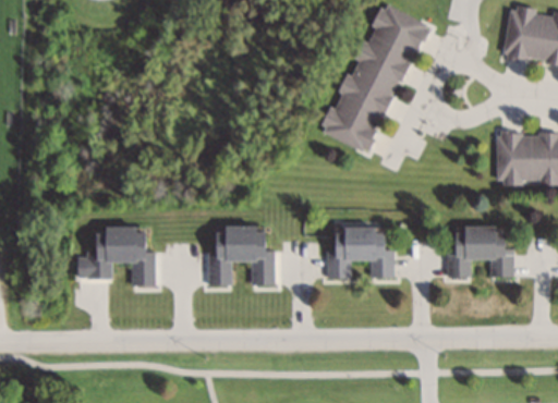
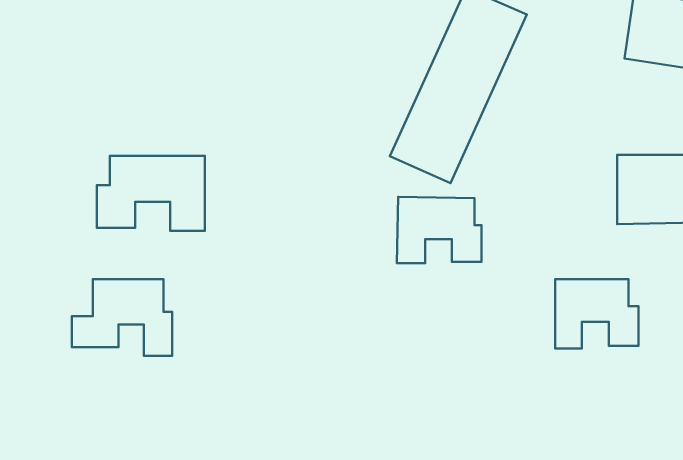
building: none -> [97,156,205,231]
building: [210,225,272,286] -> none
building: [329,228,395,279] -> [397,197,482,263]

